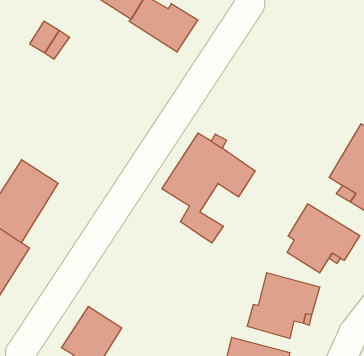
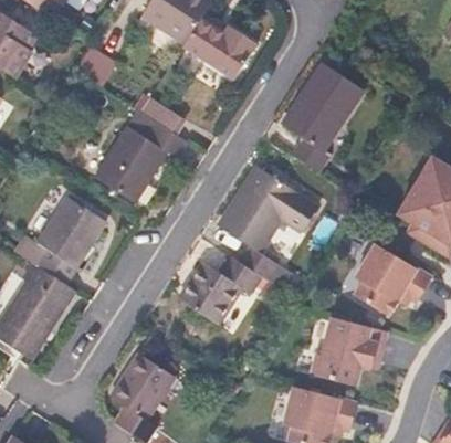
building: none -> [282,63,363,173]
building: none -> [94,108,188,202]
building: none -> [178,254,262,325]

